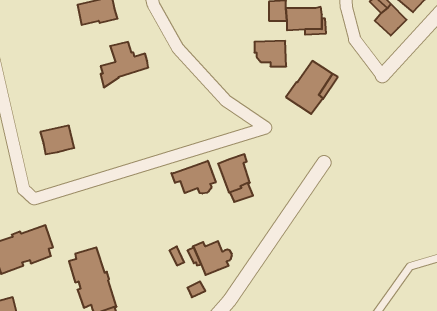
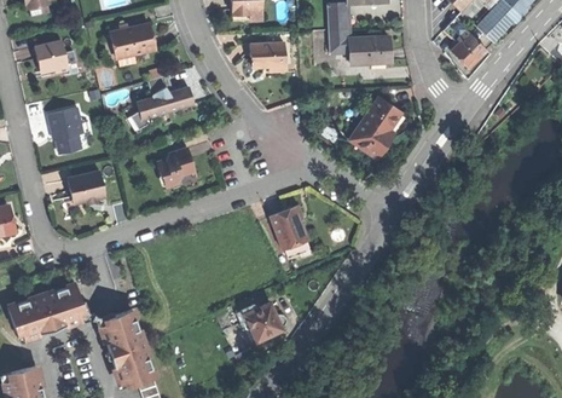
building: none -> [35,40,69,73]
building: [254,41,286,66] -> [250,42,286,71]
building: none -> [47,108,82,154]
building: none -> [157,148,197,186]
building: [171,161,216,194] -> none

